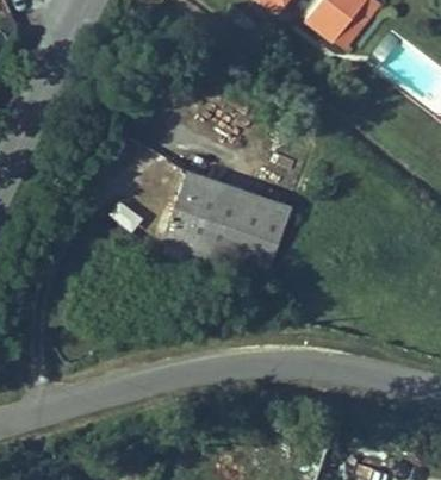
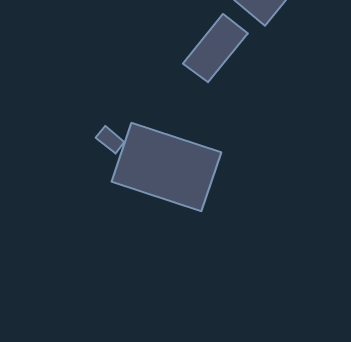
building: none -> [183,14,248,82]

